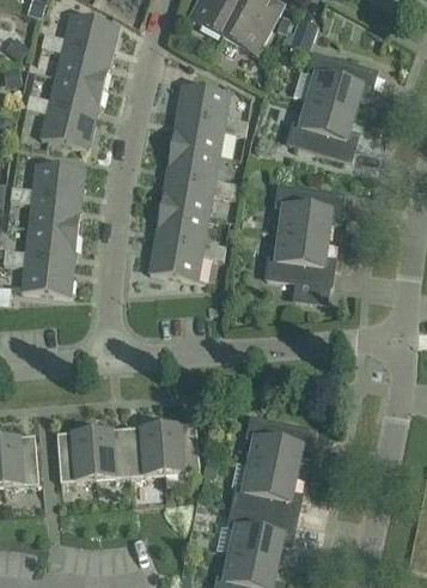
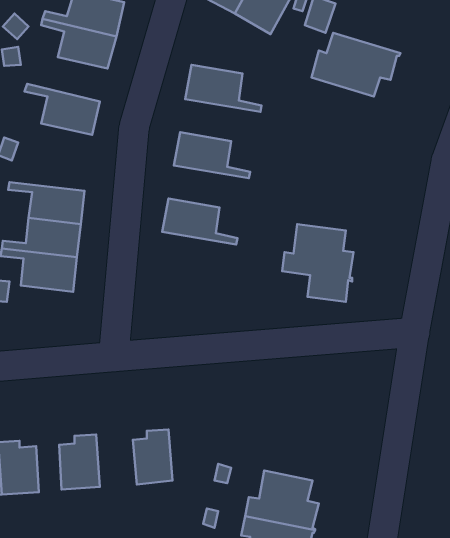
building: [28,75,103,117] -> none
building: [288,99,358,160] -> none
building: [171,115,246,154] -> none
building: [11,163,85,201] -> none
building: [160,177,236,217] -> none
building: [276,186,344,238] -> none
building: [150,240,224,280] -> none
building: [248,417,316,473] -> none
building: [160,423,200,473] -> none
building: [92,429,130,479] -> none

